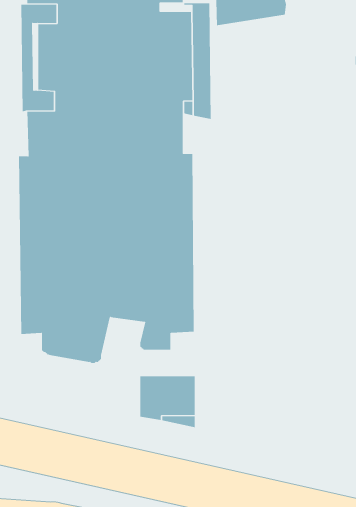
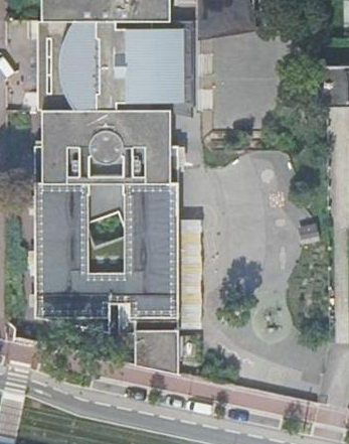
building: none -> [36,282,181,333]

